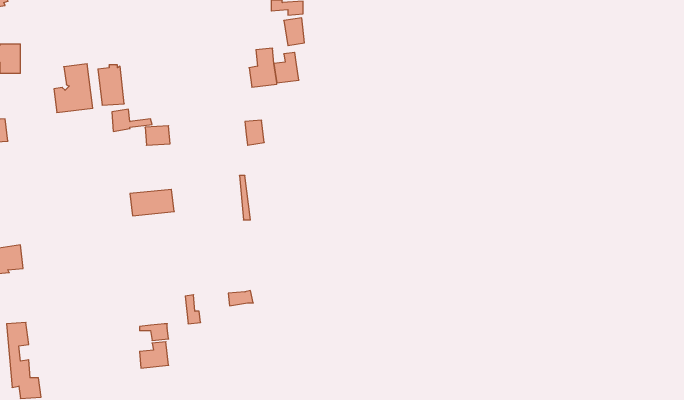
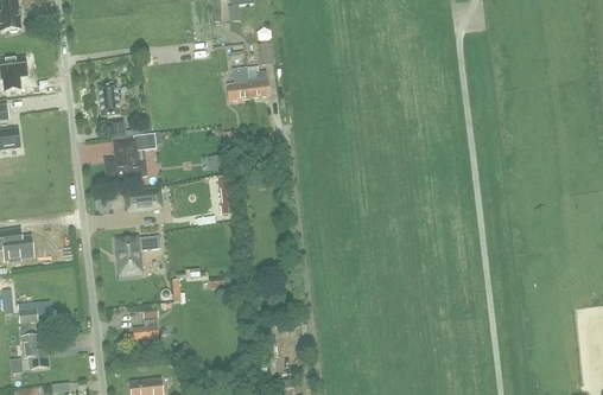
building: [54,64,93,112] -> [106,138,139,179]
building: none -> [116,235,160,273]

